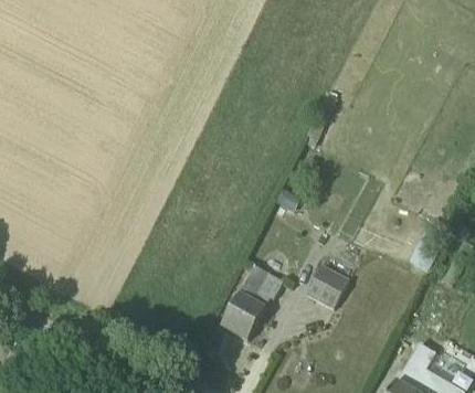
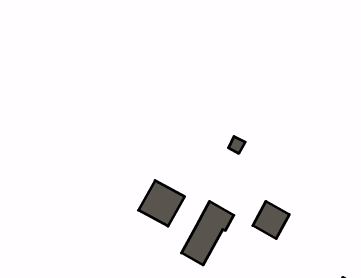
building: none -> [138,180,185,226]

